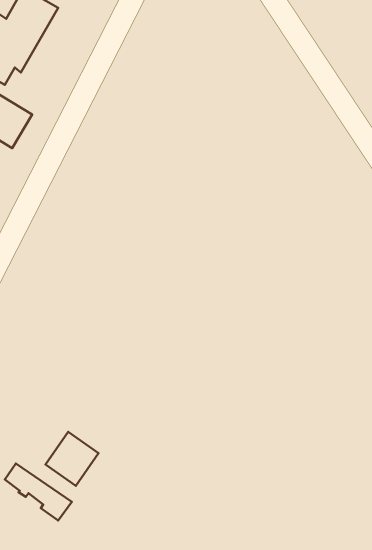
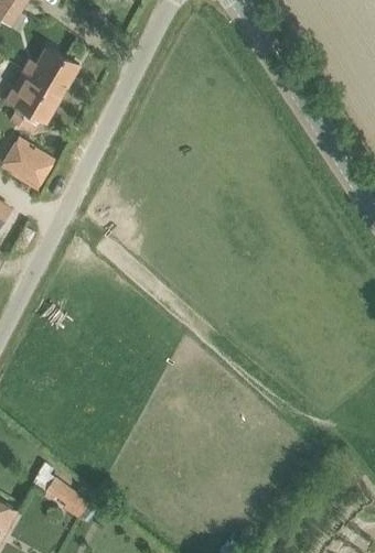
building: [46,432,98,486] -> none

